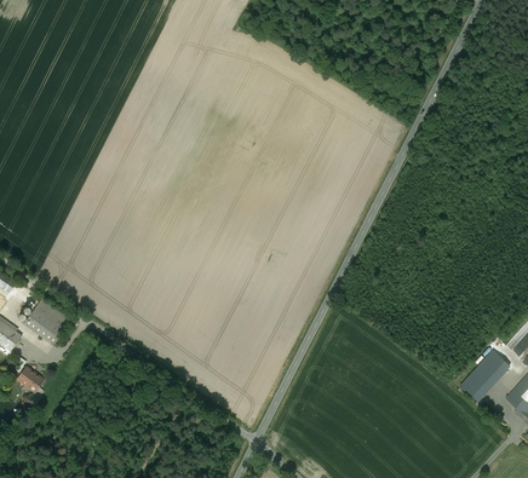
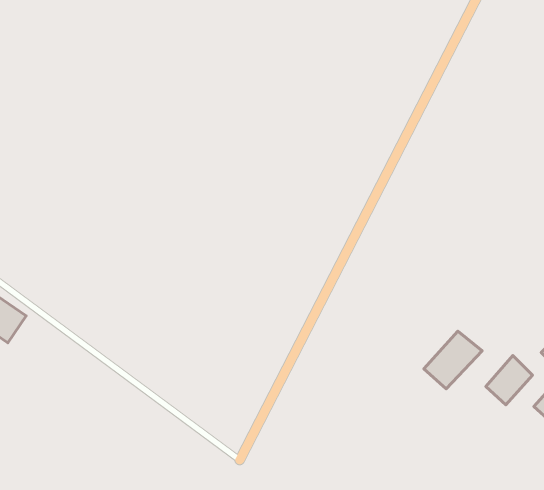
building: none -> [424,331,482,389]

